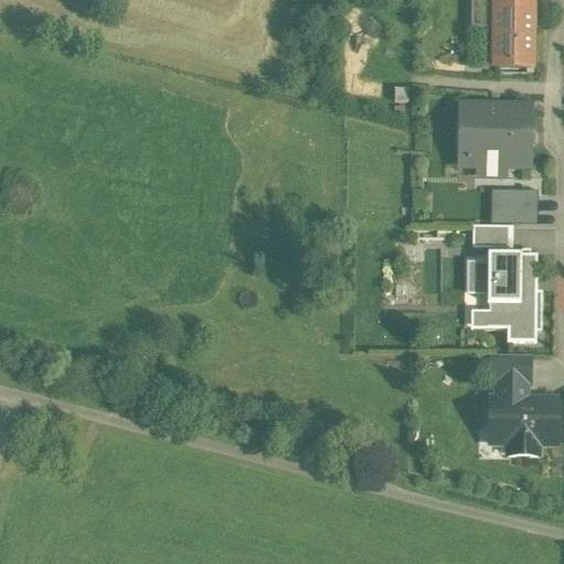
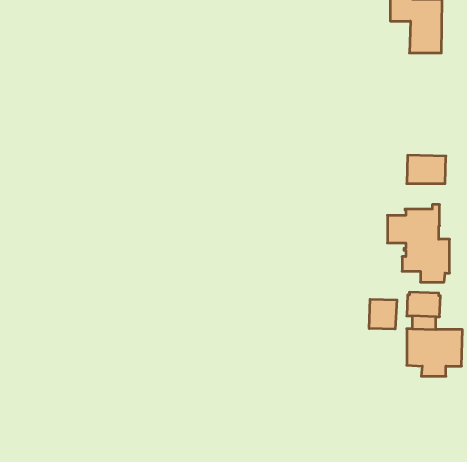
building: [463,106,525,173] -> none
building: [471,223,513,246] -> none
building: none -> [369,299,397,329]

